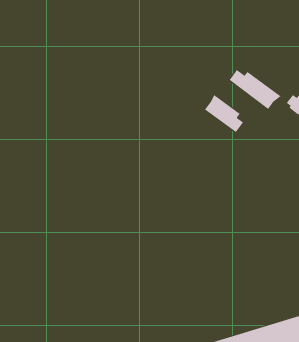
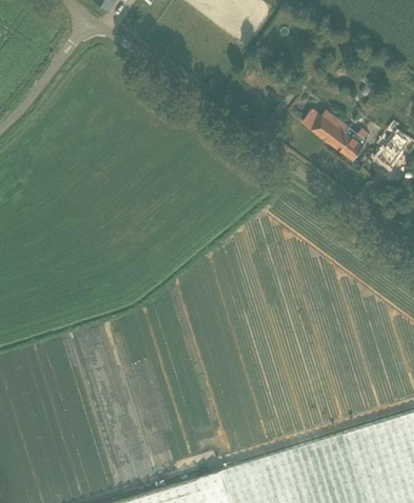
building: [204,94,244,133] -> none

